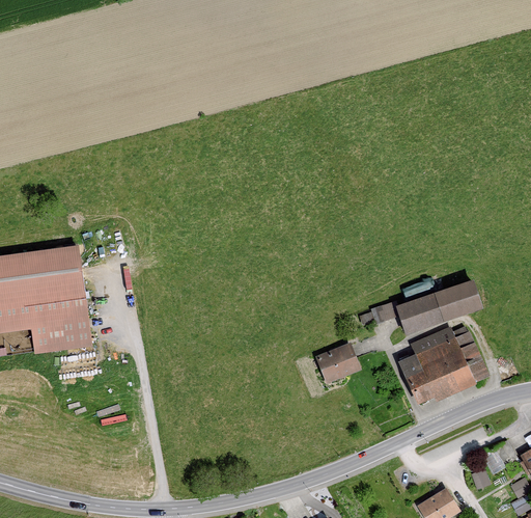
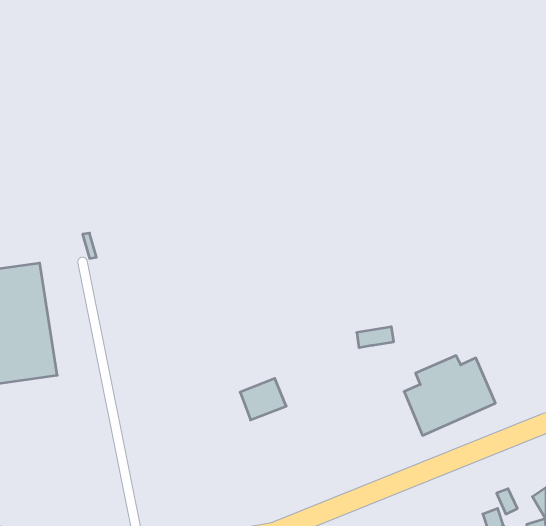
building: [394,280,481,335] -> none
building: [317,344,359,381] -> [240,378,286,420]

